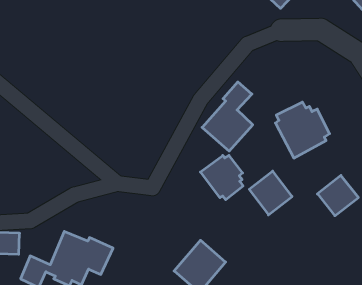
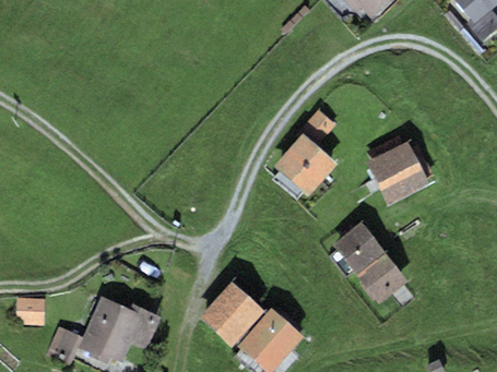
building: [200,155,243,200] -> none
building: [317,175,358,216] -> [356,253,407,303]
building: none -> [200,281,263,346]

